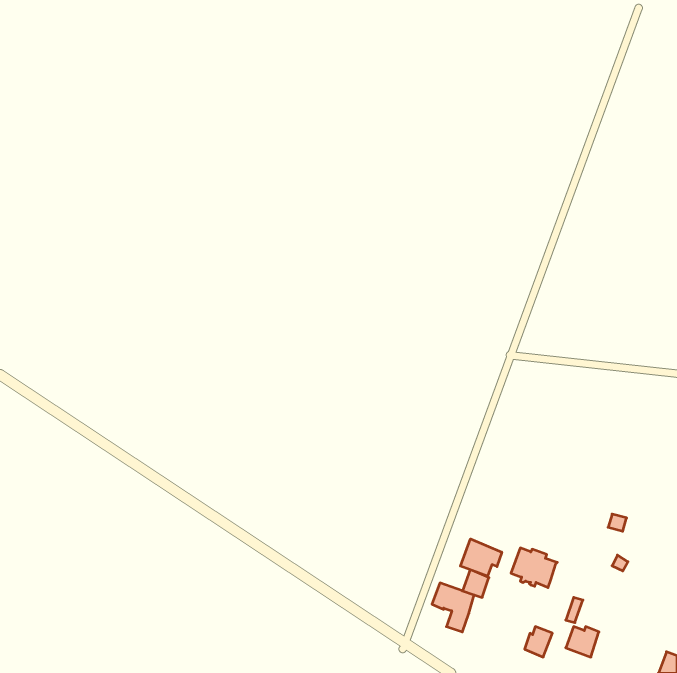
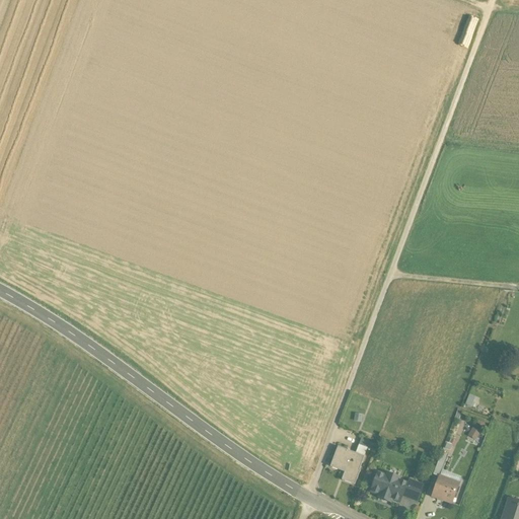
building: [460,539,502,576] -> none
building: [511,548,557,588] -> [371,472,406,503]

